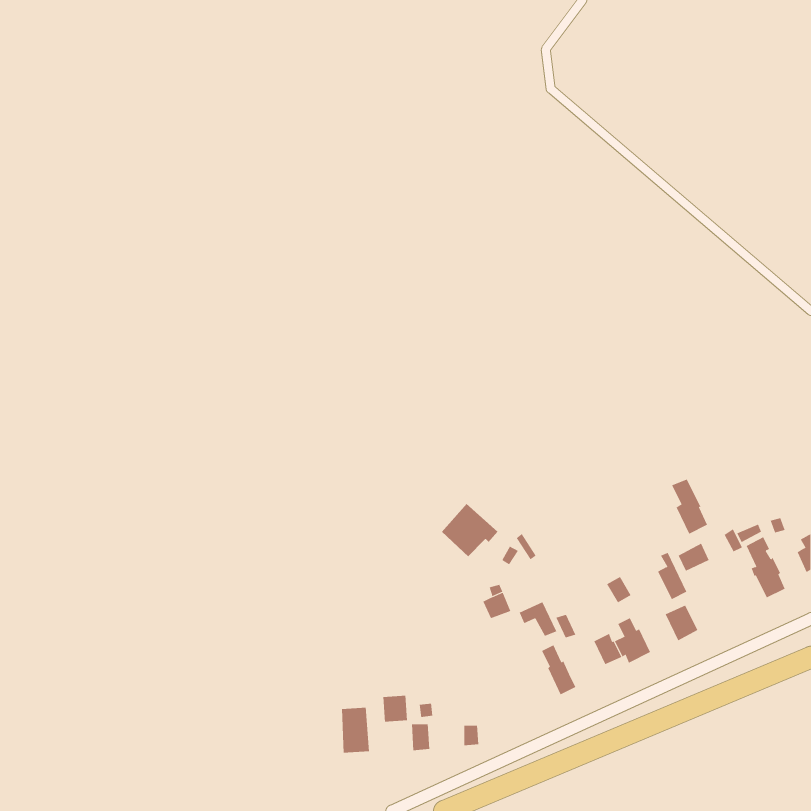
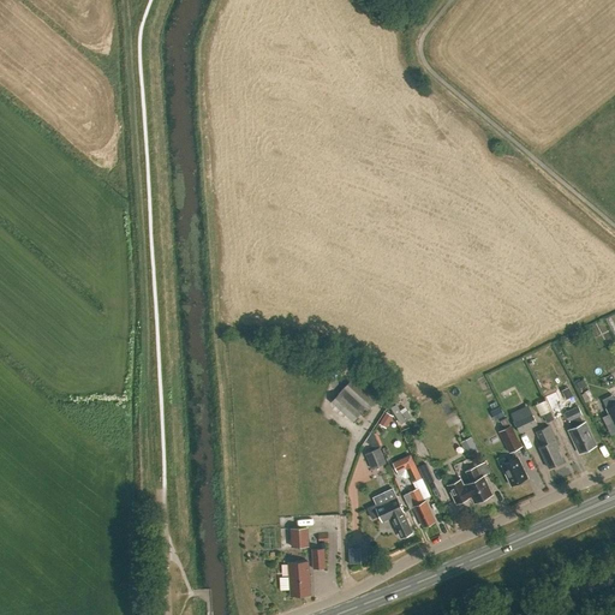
building: [671,479,708,534] -> [536,426,563,468]
building: none -> [369,500,412,537]
building: [341,707,370,753] -> [288,561,310,596]

